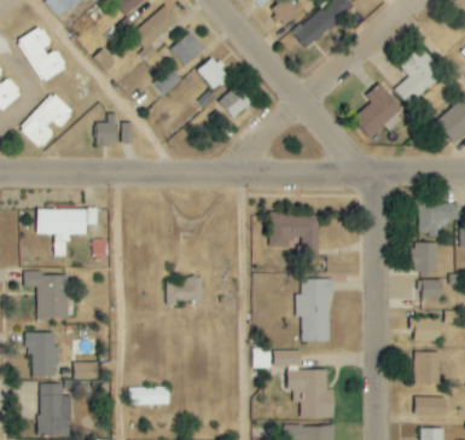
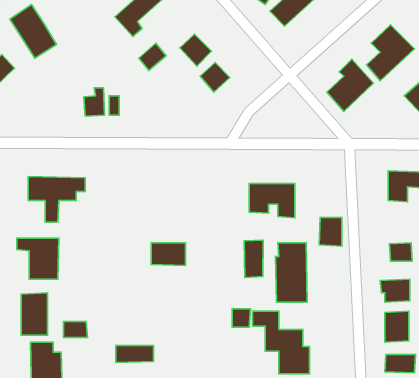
building: [170,33,205,66] -> none
building: [18,92,74,149] -> none
building: [413,242,437,272] -> [319,218,342,246]
building: none -> [244,240,263,277]

